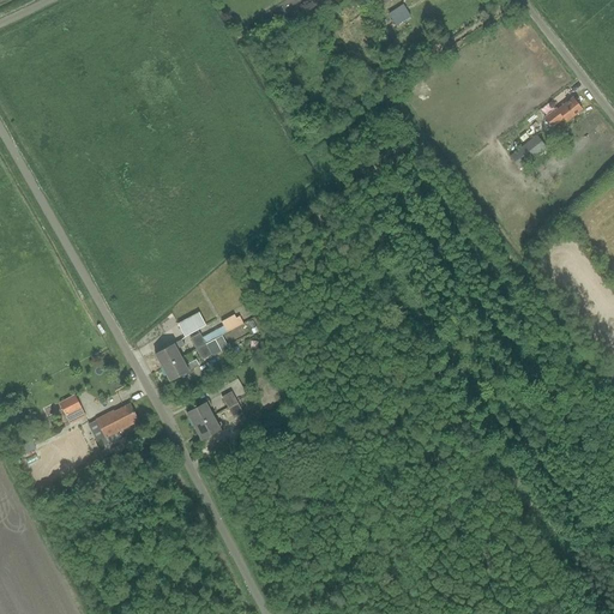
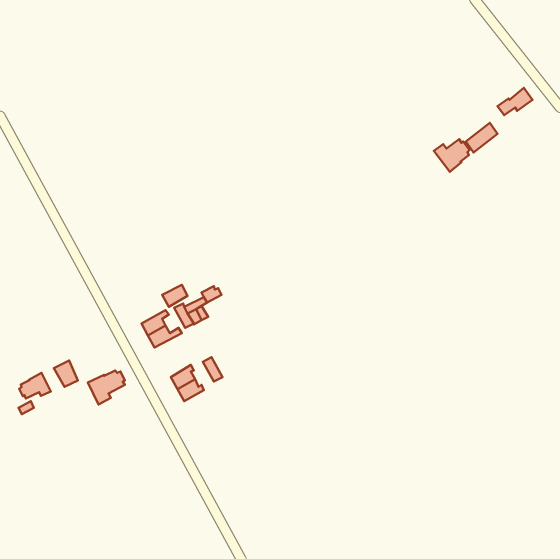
building: none -> [434,139,469,172]
building: none -> [19,373,51,398]

